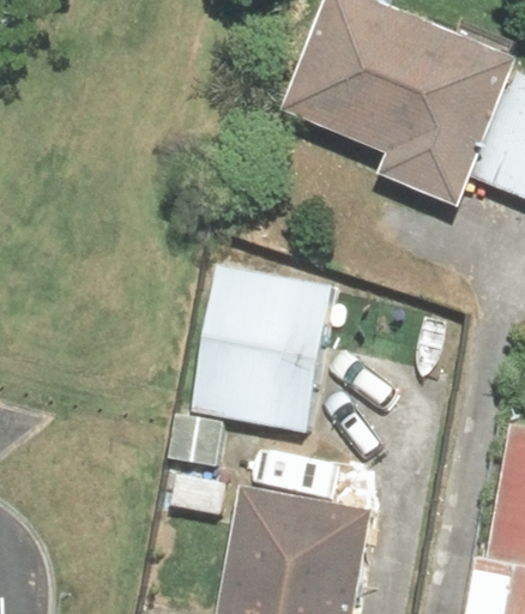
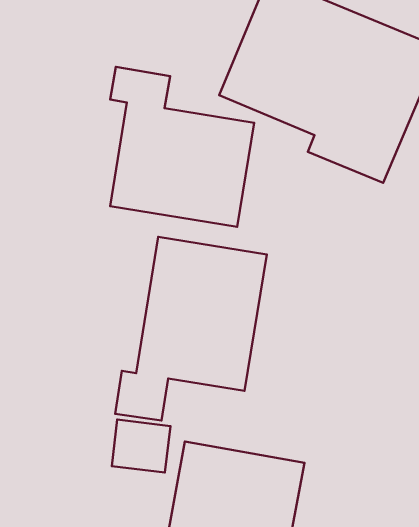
building: none -> [110,67,254,227]

